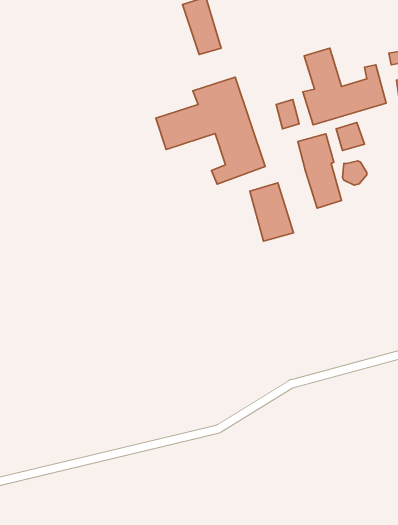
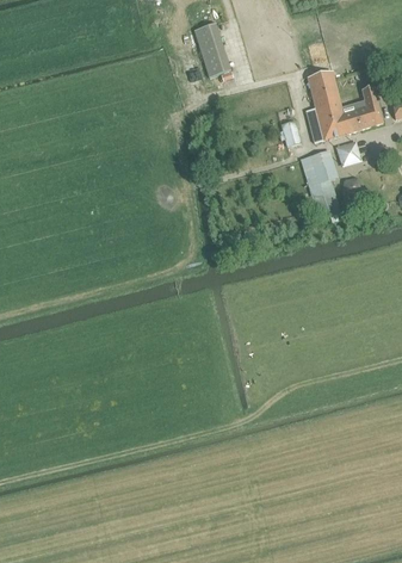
building: [156,77,265,184] -> none
building: [250,183,294,241] -> none

